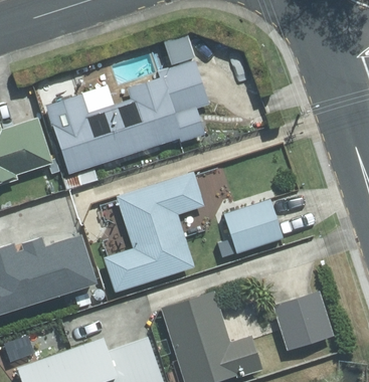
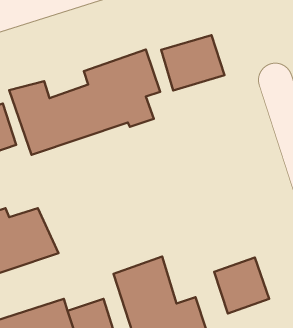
building: none -> [161,35,224,90]
building: [104,171,206,293] -> none
building: [220,196,287,253] -> none

